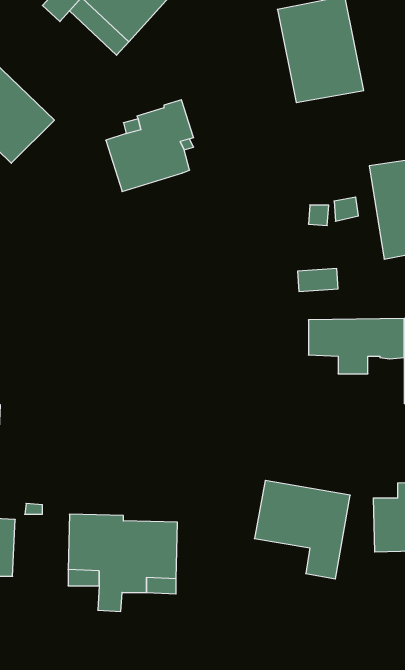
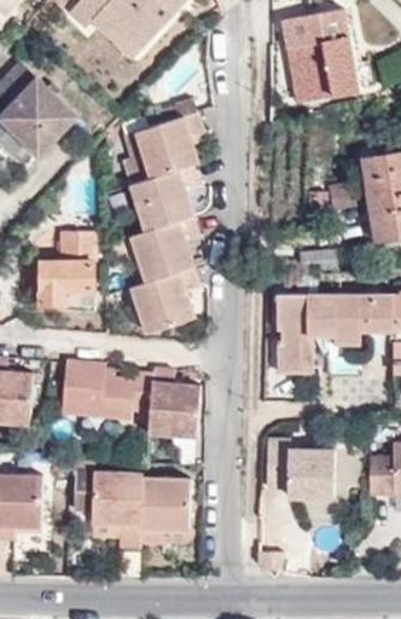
building: none -> [130,164,199,331]
building: none -> [37,232,93,303]
building: none -> [273,296,312,372]
building: none -> [62,360,199,434]

